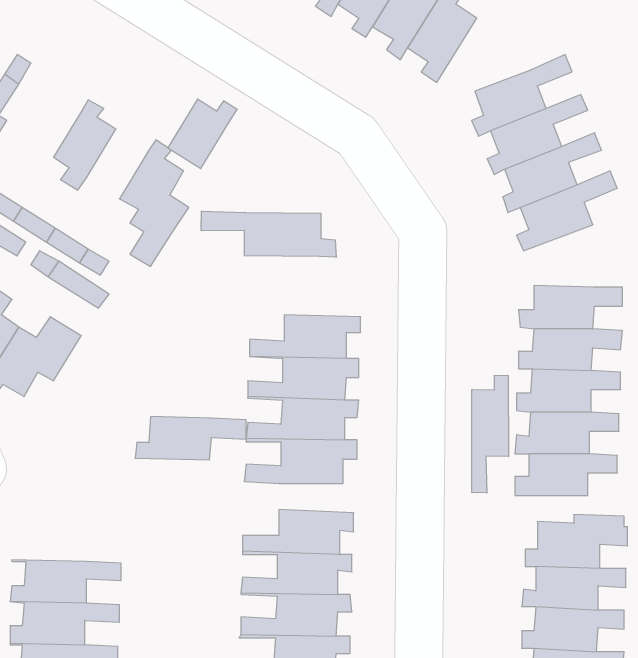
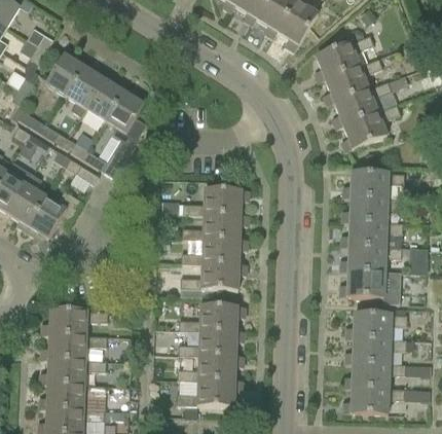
building: none -> [45,53,86,95]
building: [168,99,237,169] -> [85,78,126,119]
building: [201,211,336,257] -> none
building: [472,375,509,493] -> none
building: [135,417,246,460] -> [41,309,107,334]

